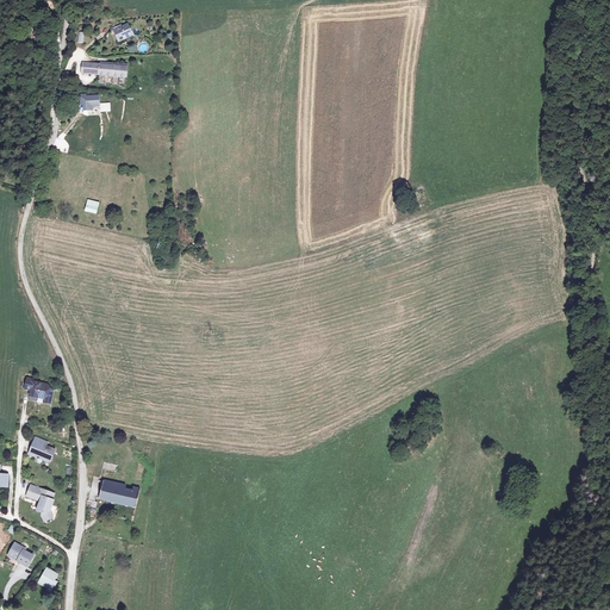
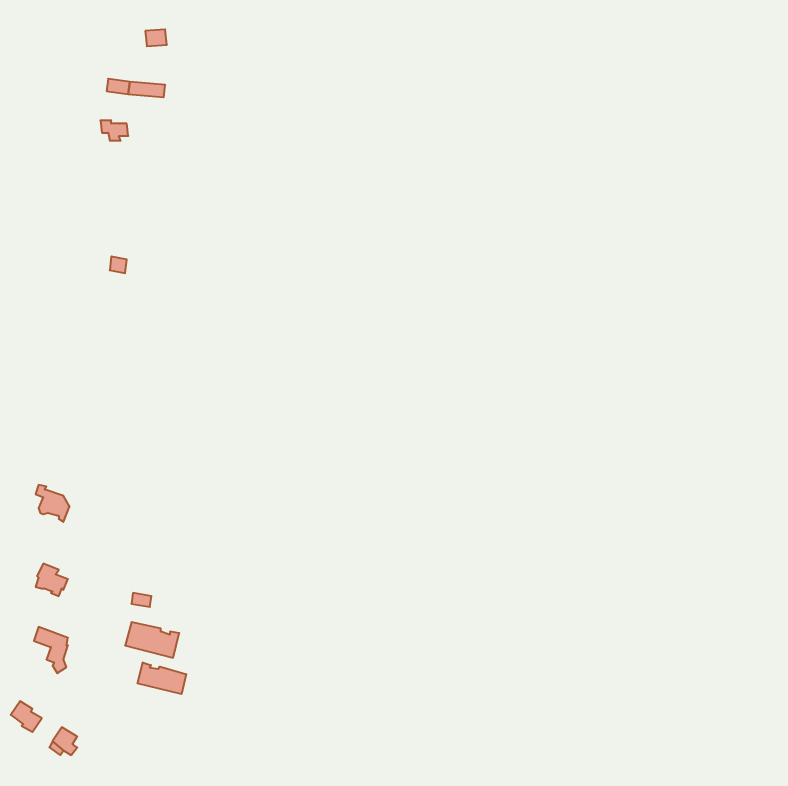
building: none -> [138,662,186,694]

